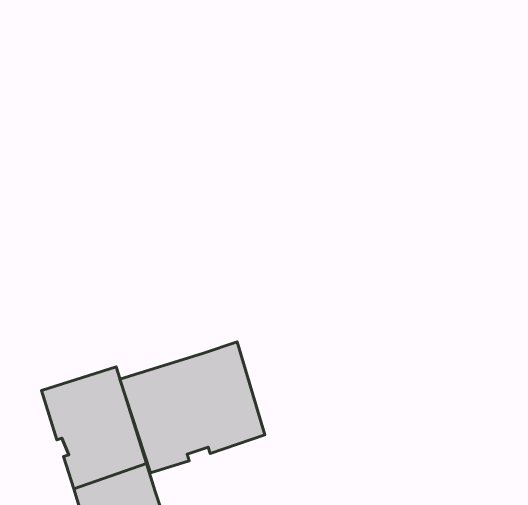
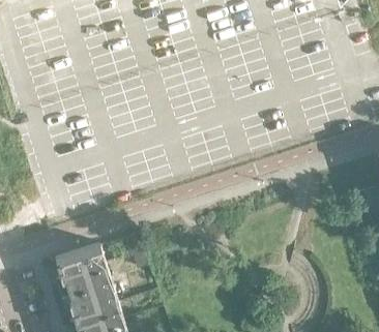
building: [120,342,265,473] -> none

